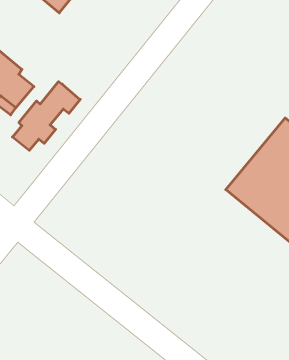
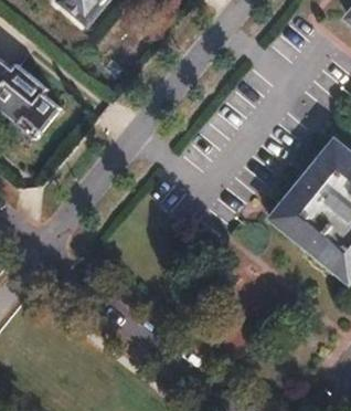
building: [12,82,80,150] -> none

